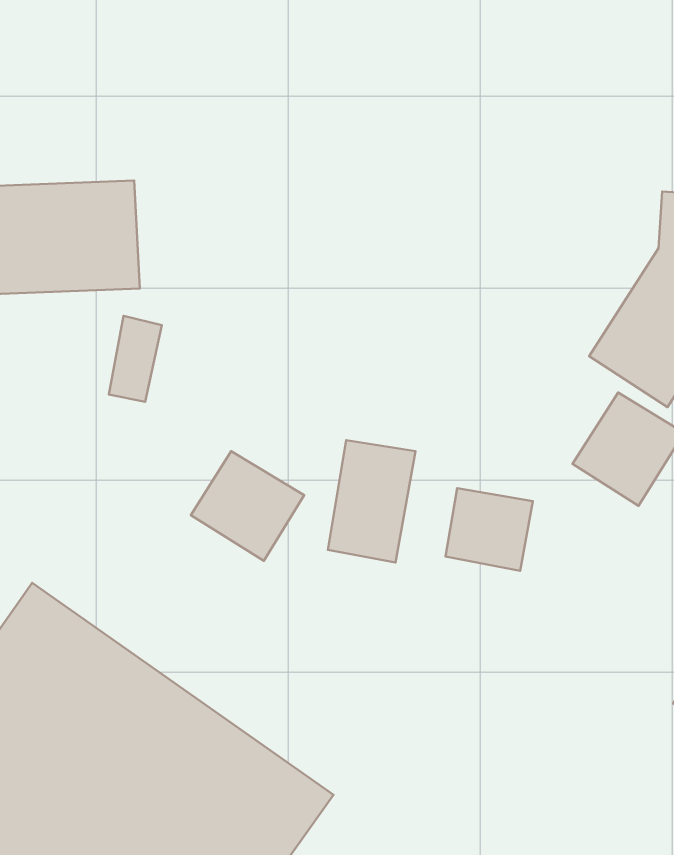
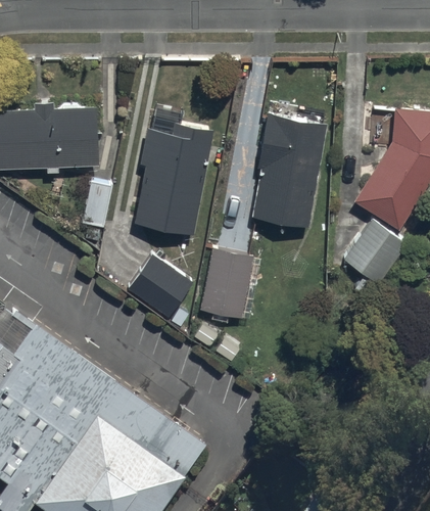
building: none -> [250,109,329,225]
building: none -> [132,115,214,236]
building: [446,488,533,571] -> none

